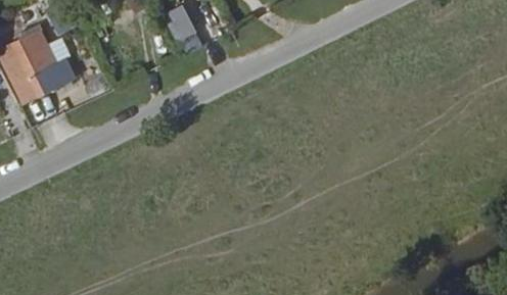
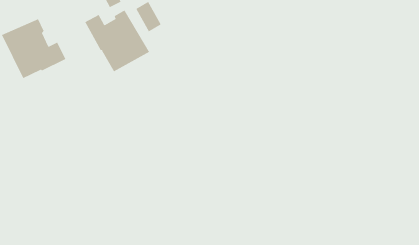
building: none -> [85,9,150,72]

